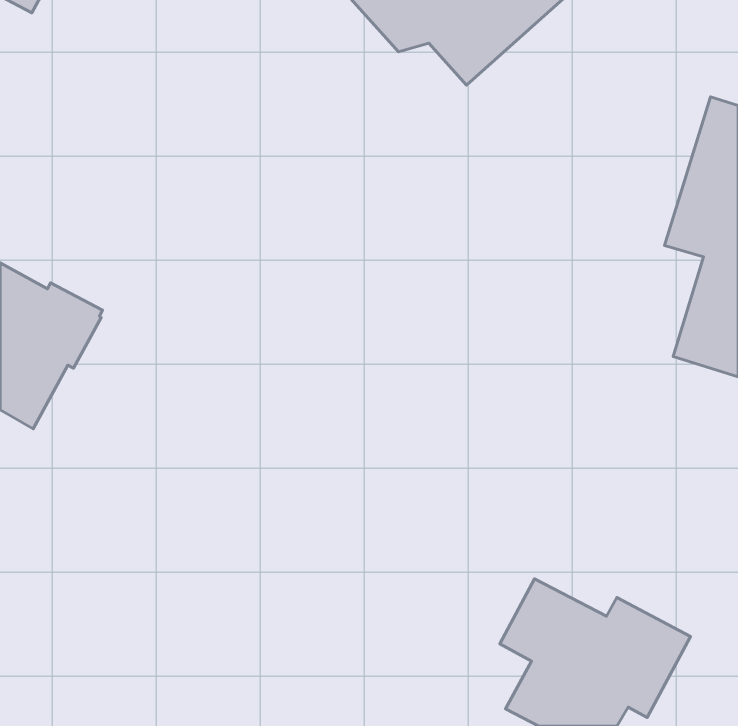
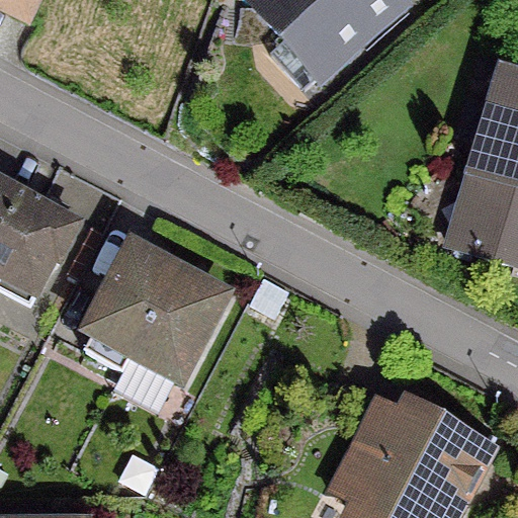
building: none -> [80,246,217,375]

